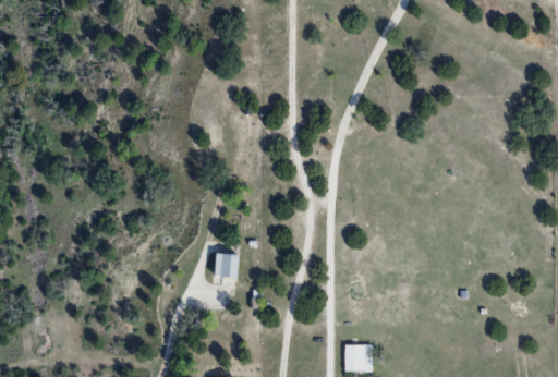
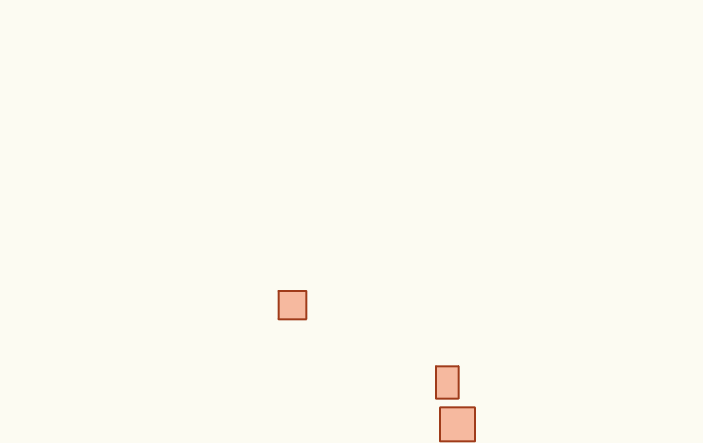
building: none -> [436,366,458,399]

